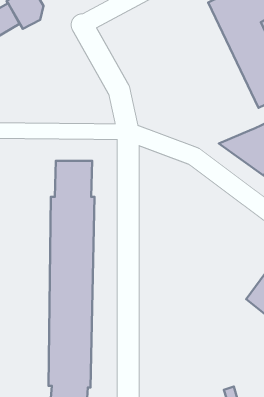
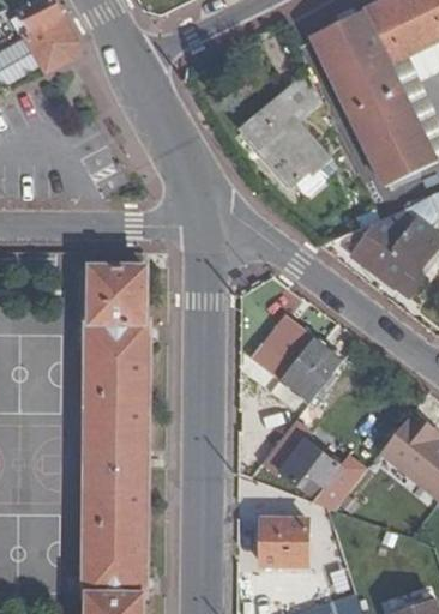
building: none -> [240,72,325,183]
building: none -> [263,318,343,404]
building: none -> [263,427,359,513]
building: none -> [259,520,305,566]

